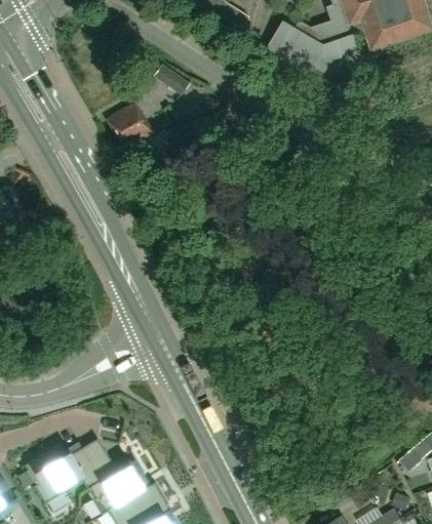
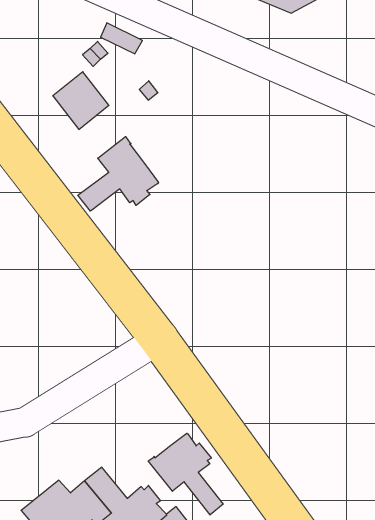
building: none -> [78,137,158,211]
building: none -> [148,433,223,515]

